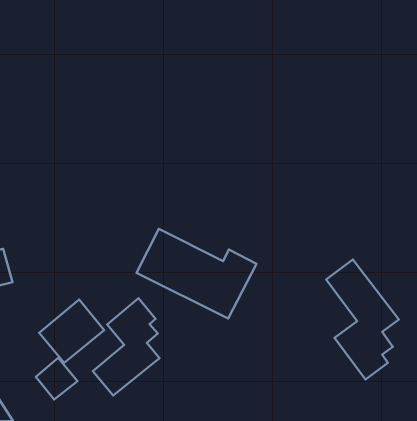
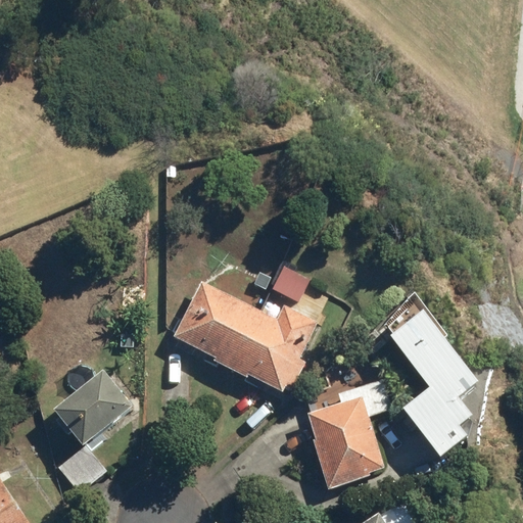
building: [93,298,159,396] -> none
building: none -> [306,381,393,489]

